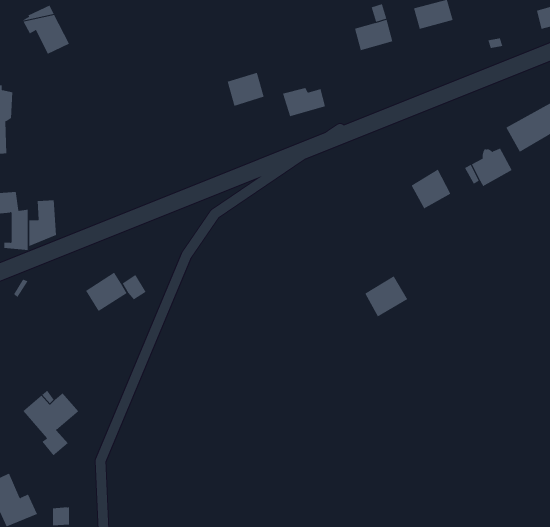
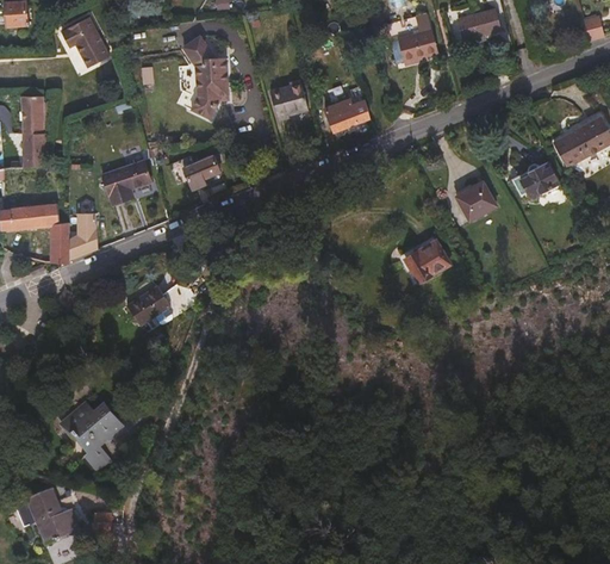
building: none -> [176,39,222,122]
building: none -> [101,161,151,205]
building: none -> [185,162,222,191]
building: [365,276,408,317] -> [405,241,449,283]

